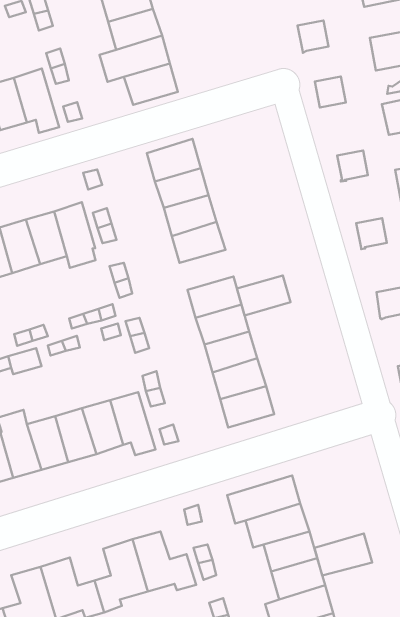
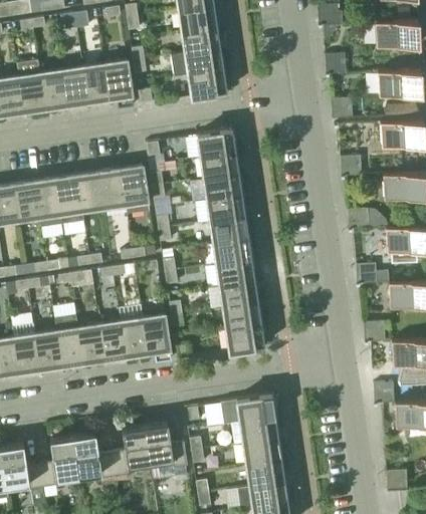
building: [237,275,291,315] -> [210,217,249,243]
building: [314,534,372,575] -> none

